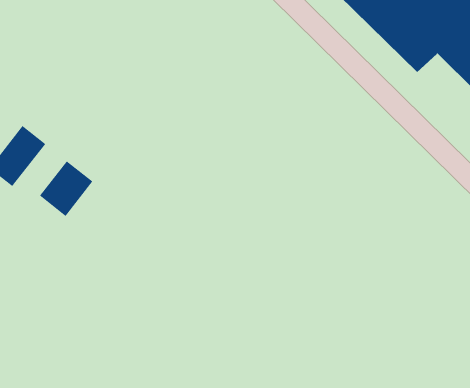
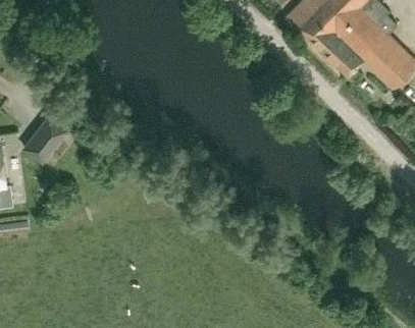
building: [39,161,93,217] -> none

